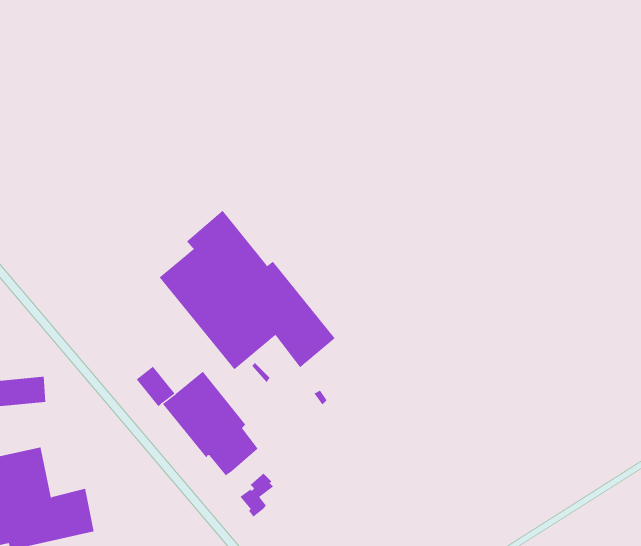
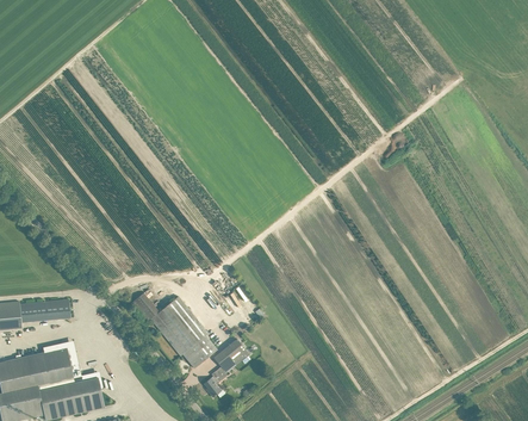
building: [159,210,335,370] -> none
building: none -> [212,339,248,372]

